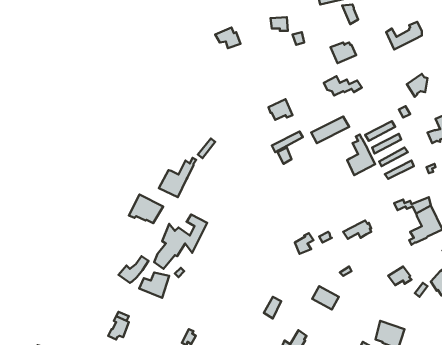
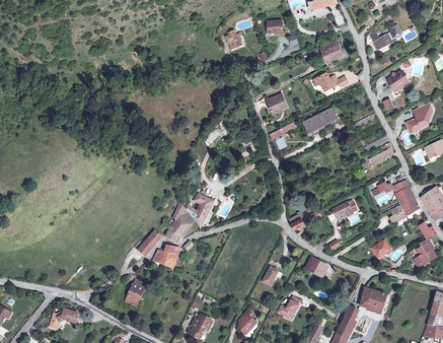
building: [347,134,375,175] -> none
building: [159,158,196,197] -> none
building: [129,195,163,223] -> none

